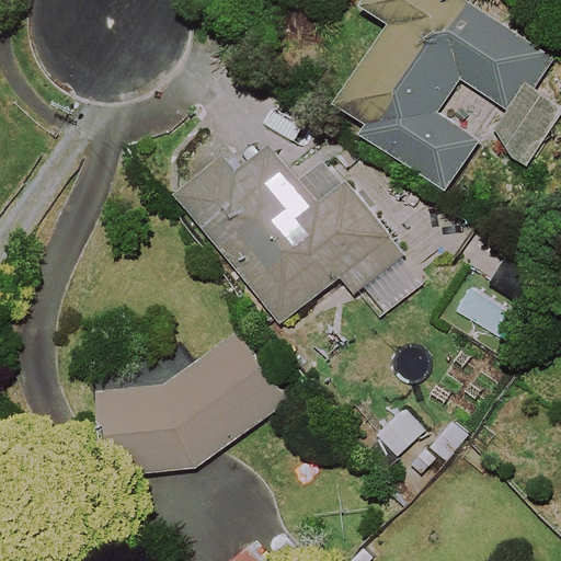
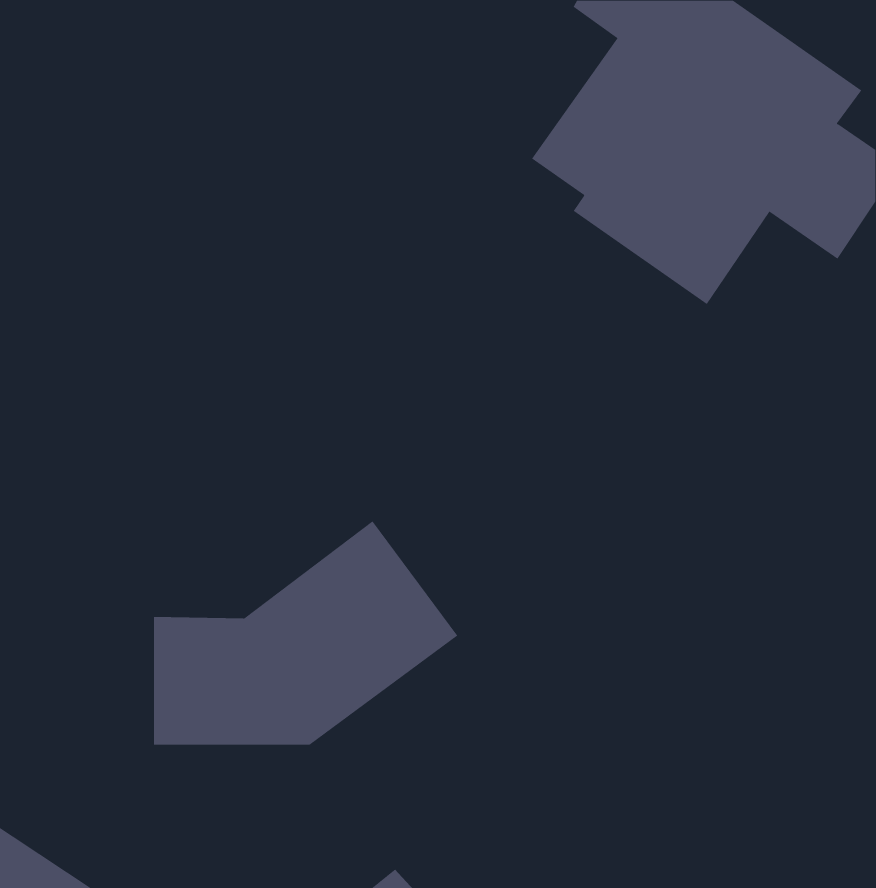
building: [181,136,400,323] -> none

